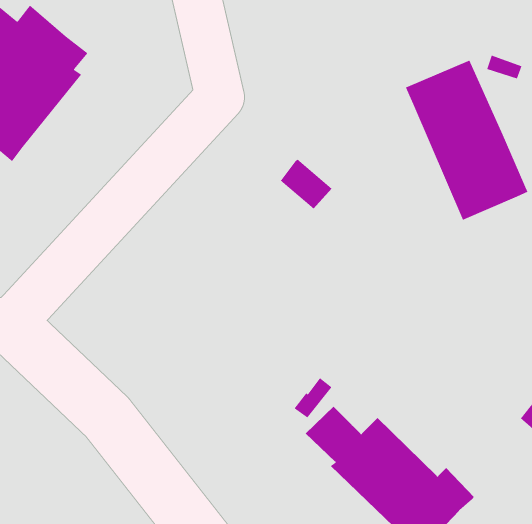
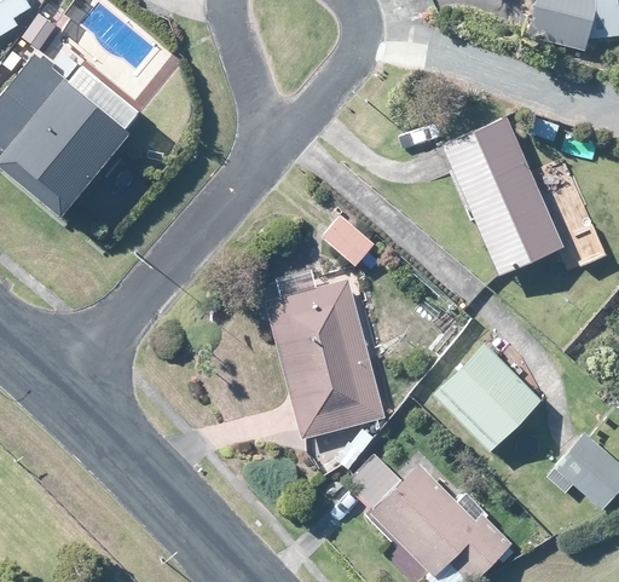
building: none -> [266,280,384,438]
building: none -> [435,344,540,450]

